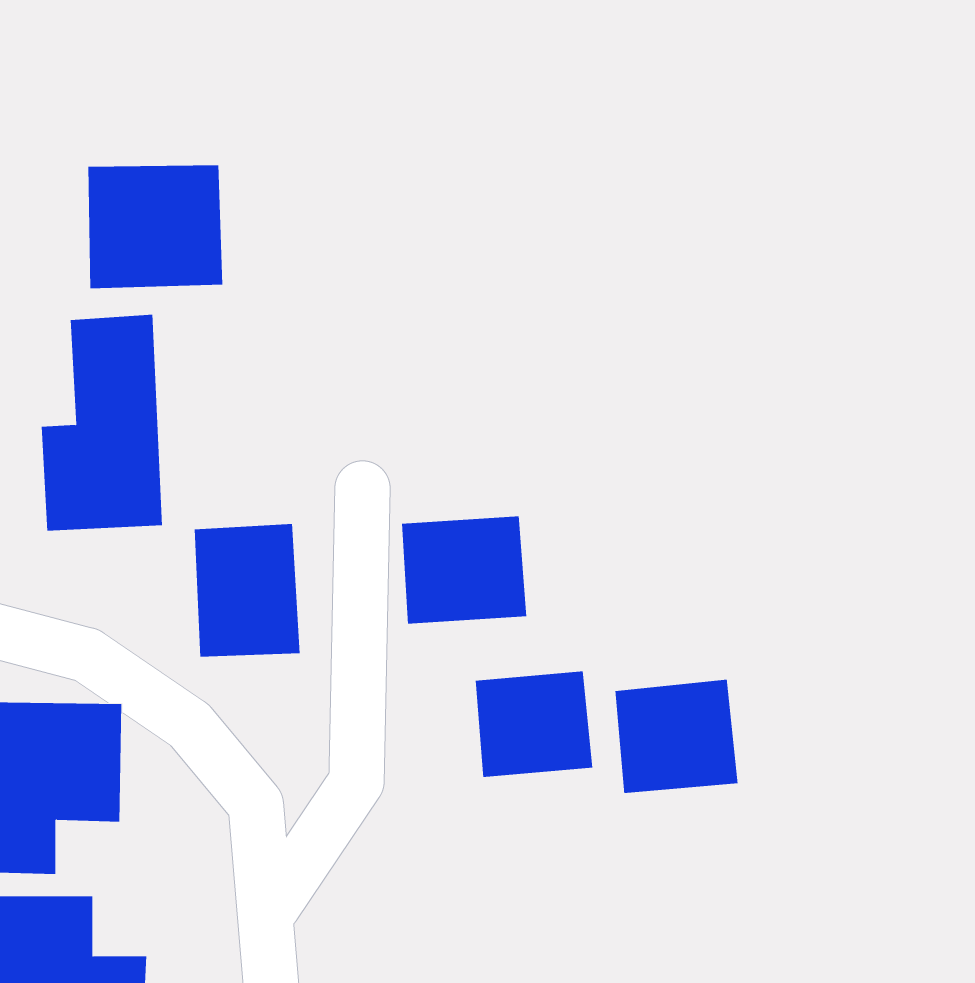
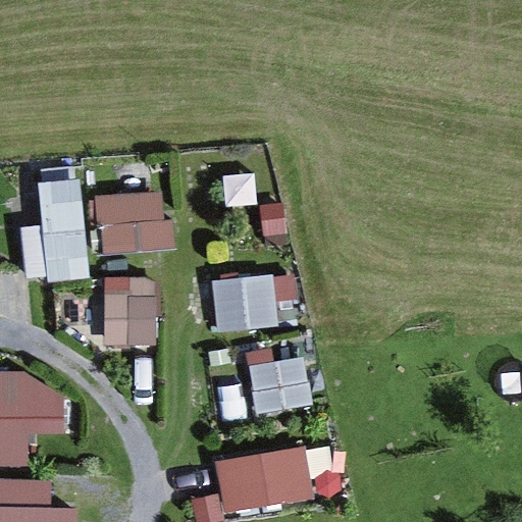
building: [87,165,223,289] -> [98,190,169,255]
building: [615,679,738,794] -> none
building: none -> [214,446,313,513]

